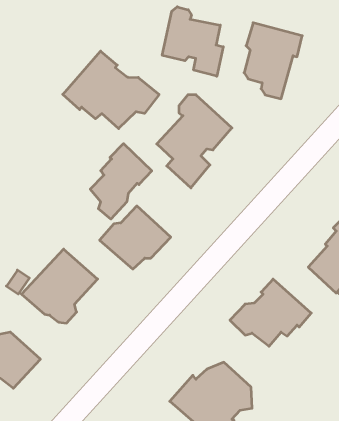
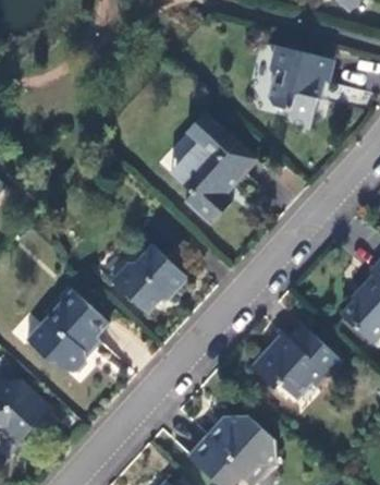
building: [162,7,223,76] -> none
building: [63,51,159,129] -> none
building: [90,144,152,219] -> none

